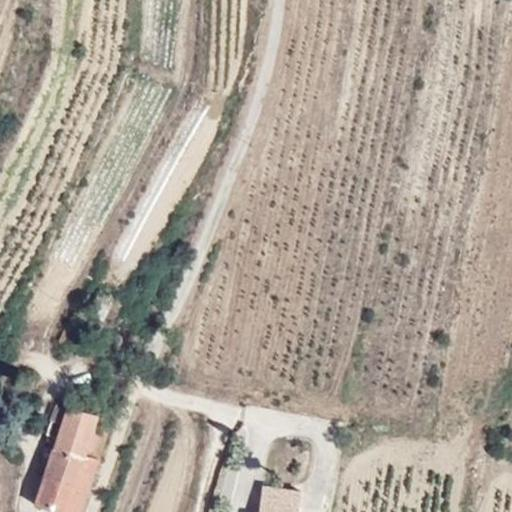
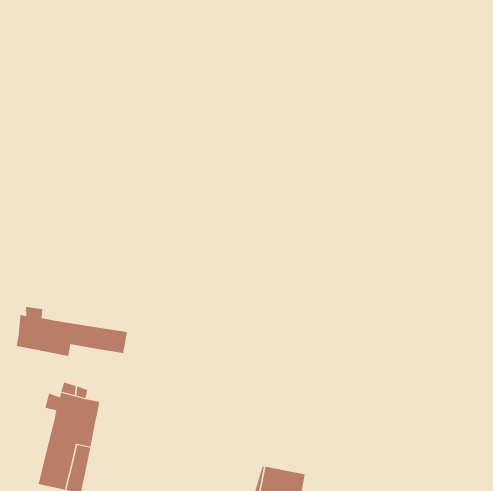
building: none -> [16,306,127,357]

